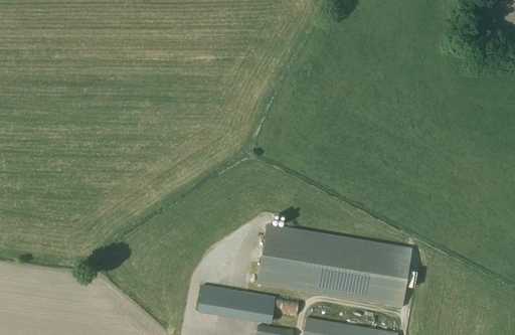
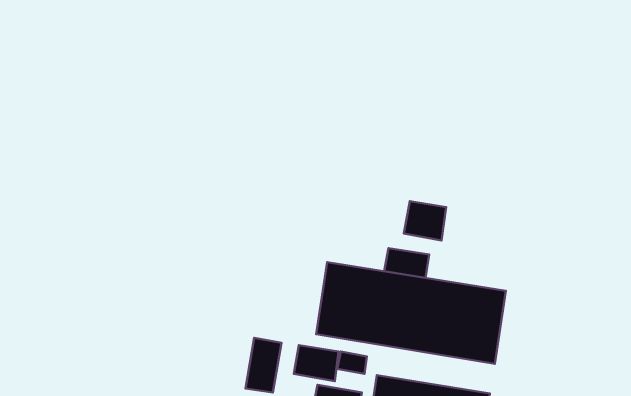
building: none -> [404,201,446,241]
building: none -> [384,248,429,278]

